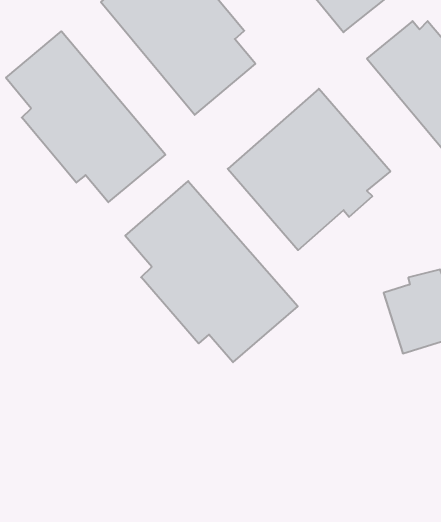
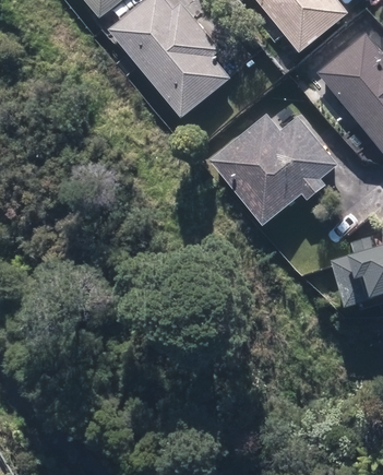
building: [6,31,165,202] -> none
building: [125,181,298,362] -> none

